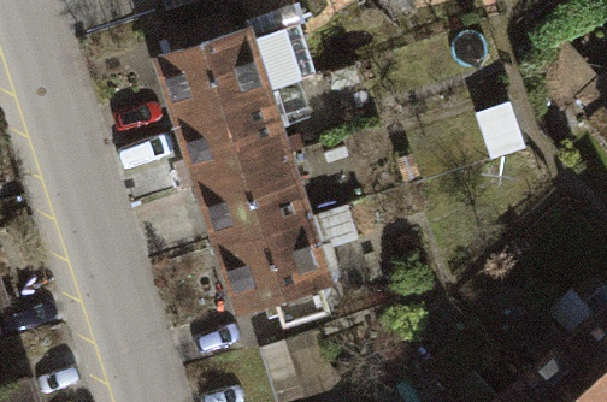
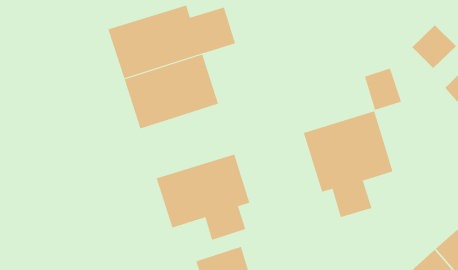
building: [193,154,314,249] -> none
building: none -> [303,110,393,218]

